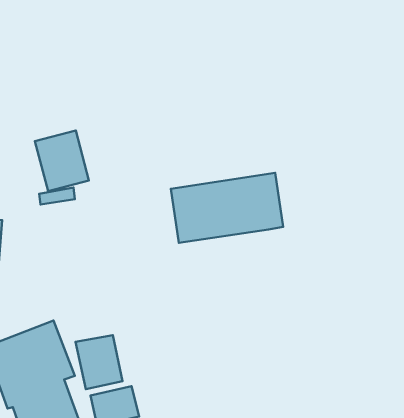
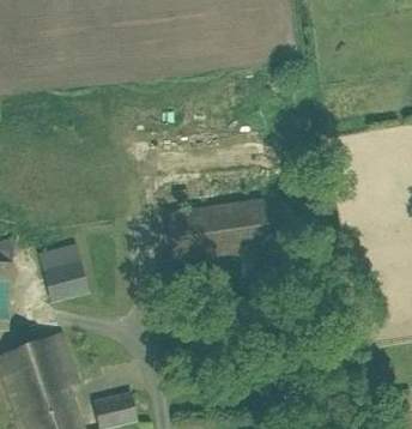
building: [35,131,89,191] -> [38,244,87,300]
building: [75,335,122,389] -> none

